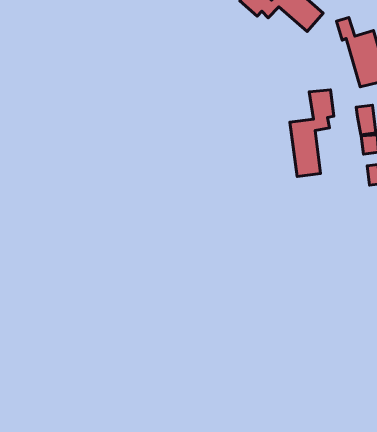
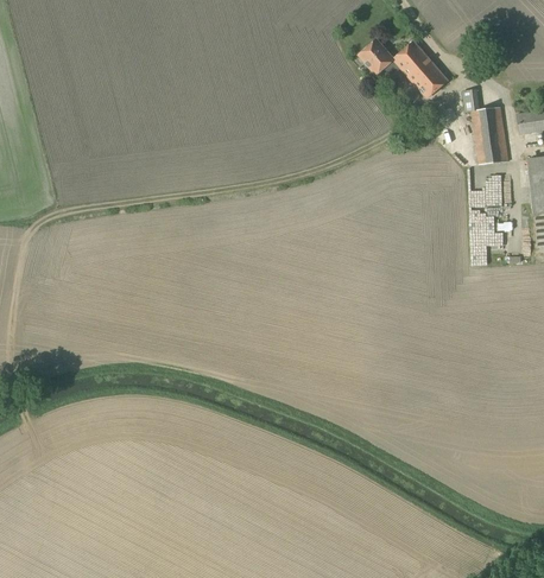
building: [290,90,334,177] -> none

